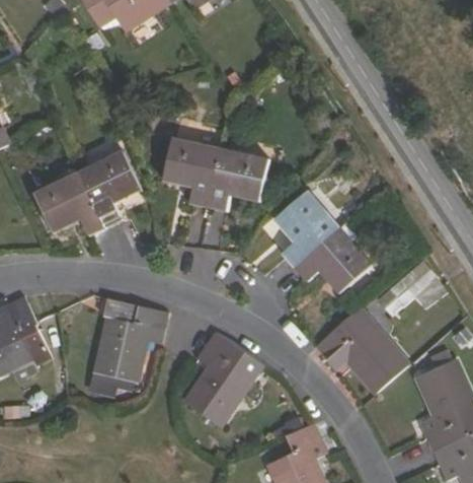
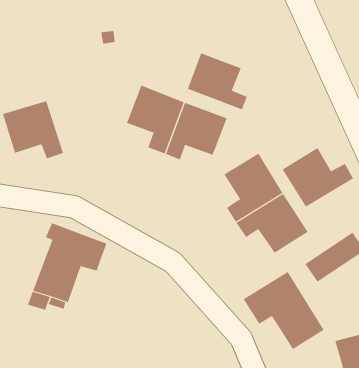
building: none -> [187,52,247,110]
building: [78,147,141,222] -> none
building: none -> [282,147,354,208]
building: [185,331,260,424] -> none

